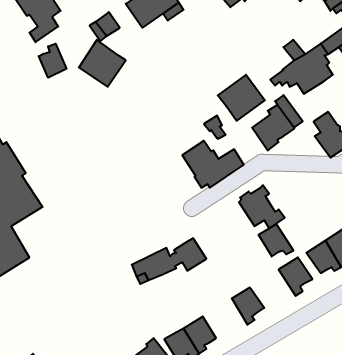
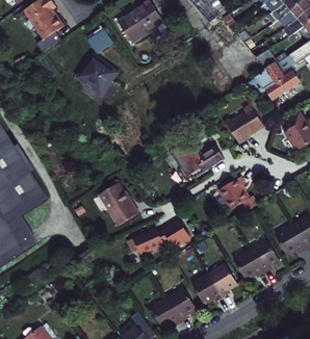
building: [39,44,66,78] -> none
building: [218,75,265,121] -> none
building: none -> [102,184,143,227]
building: [258,224,293,257] -> [234,252,264,280]
building: none -> [192,277,223,305]

